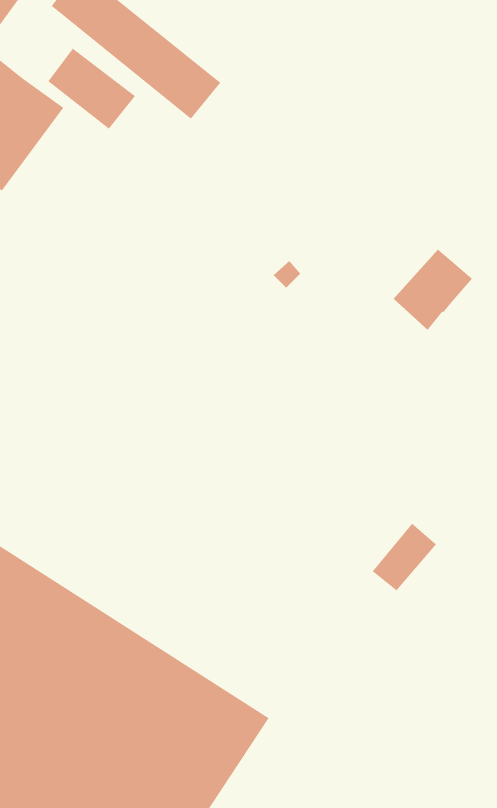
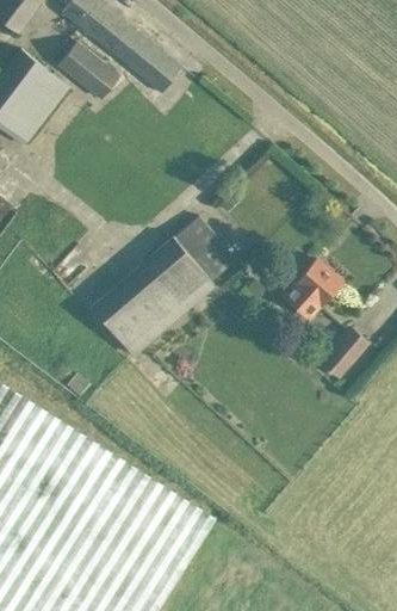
building: [393,249,473,331] -> [284,259,341,317]
building: none -> [92,216,235,353]
building: [372,523,437,591] -> [321,327,367,376]

